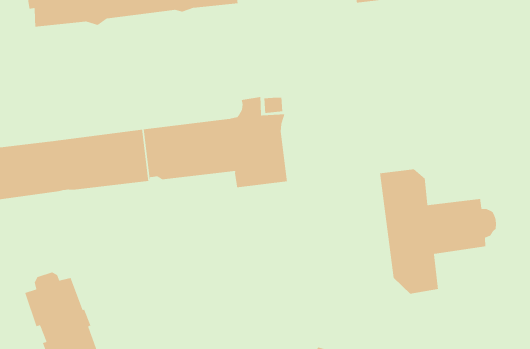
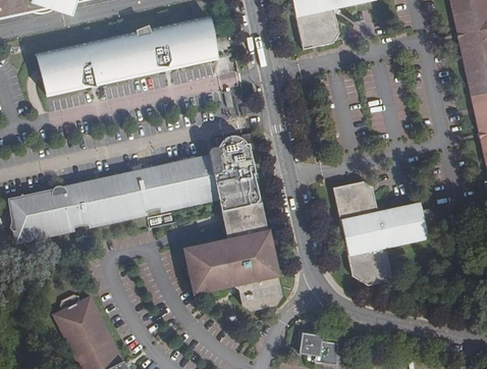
building: none -> [183,202,282,309]

